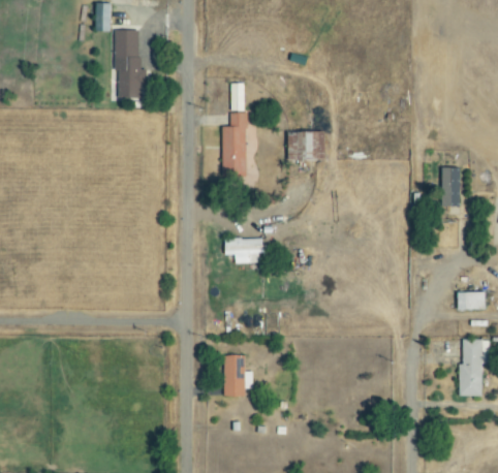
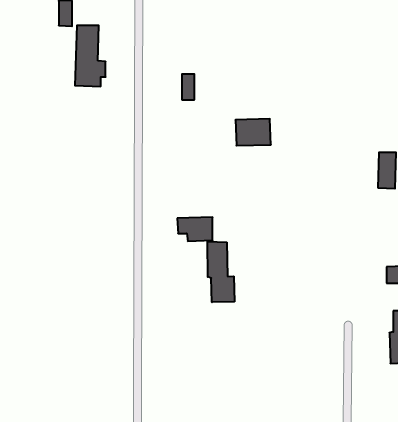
building: [222,114,247,177] -> none
building: none -> [208,242,234,302]
building: [223,356,253,398] -> none

